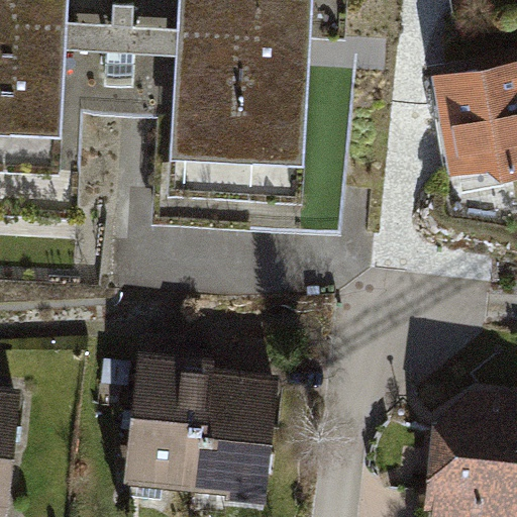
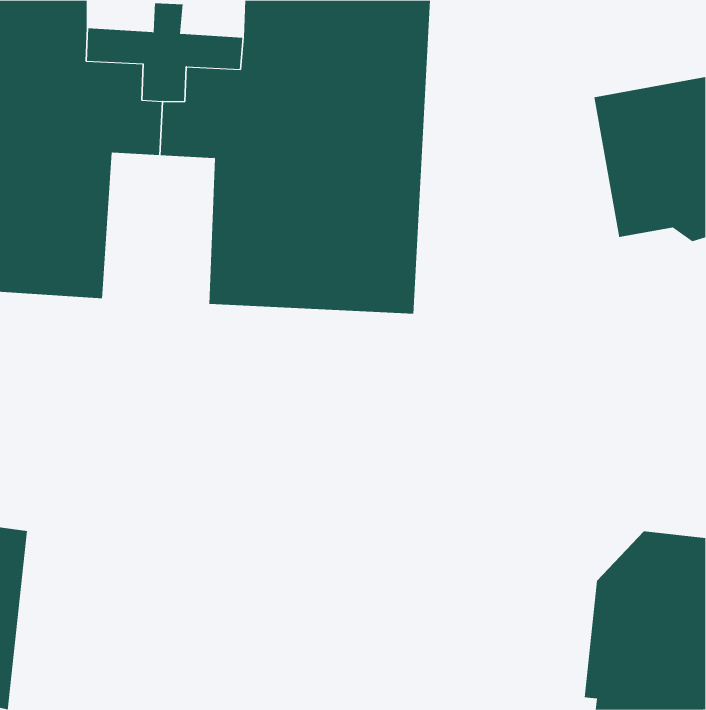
building: [123,347,280,502] -> none

